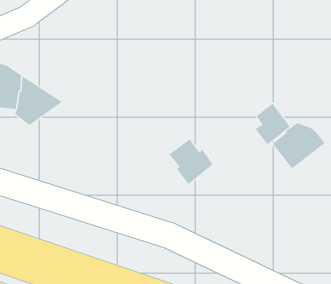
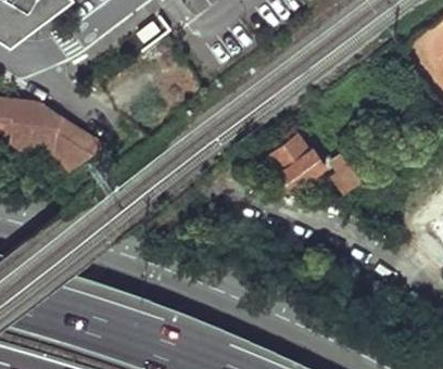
building: [272,122,325,169] -> none
building: [168,139,214,185] -> [269,137,321,190]

